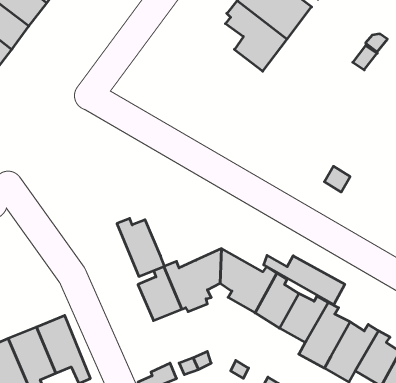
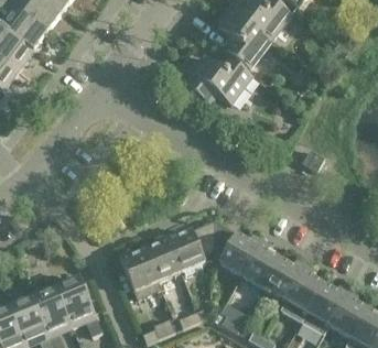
building: none -> [183,56,252,104]
building: [117,218,164,276] -> [118,250,159,300]
building: [264,255,345,304] -> none

